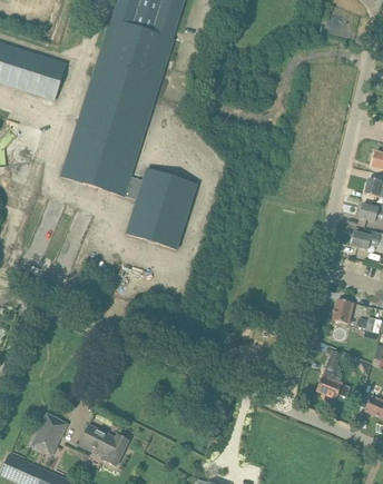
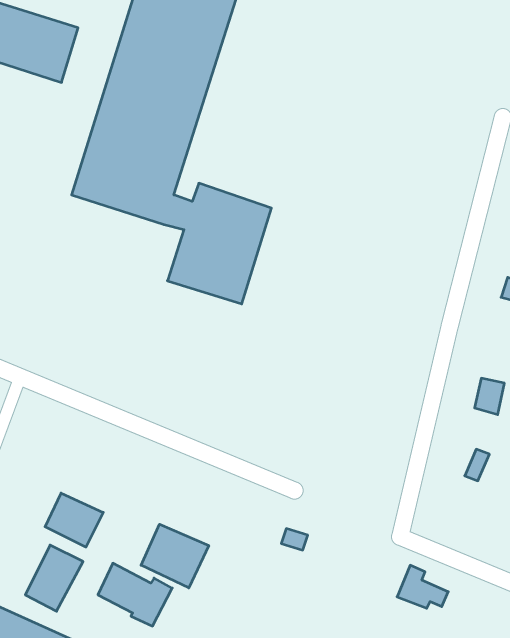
building: [316,369,351,398] -> [397,565,448,608]
building: none -> [45,493,103,547]
building: none -> [141,524,209,588]

